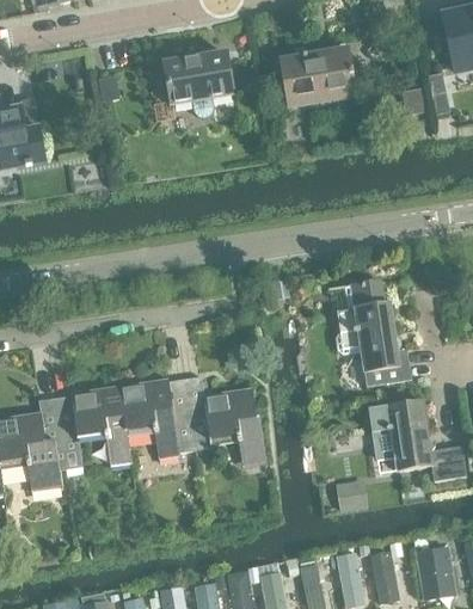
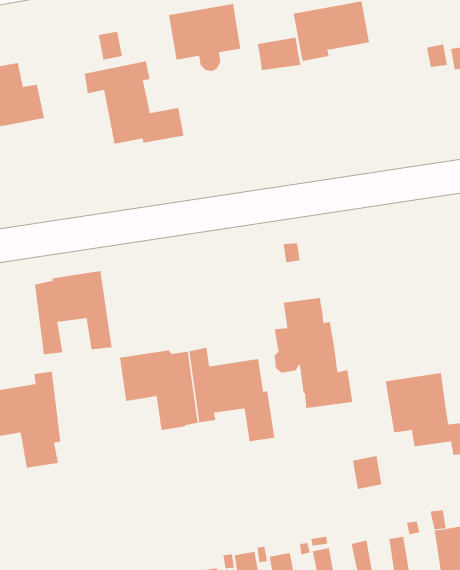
building: none -> [257,37,301,71]
building: none -> [84,60,184,144]
building: [336,282,411,387] -> [274,298,353,408]
building: [54,387,128,467] -> [34,271,112,355]

